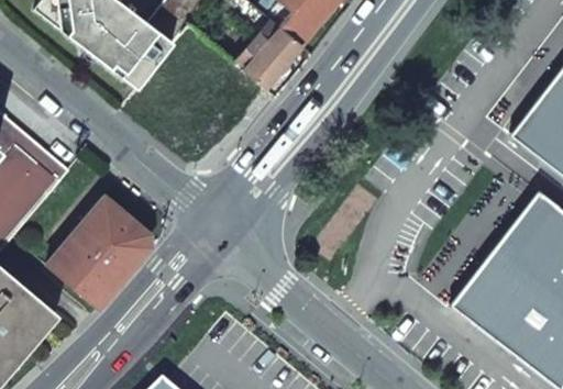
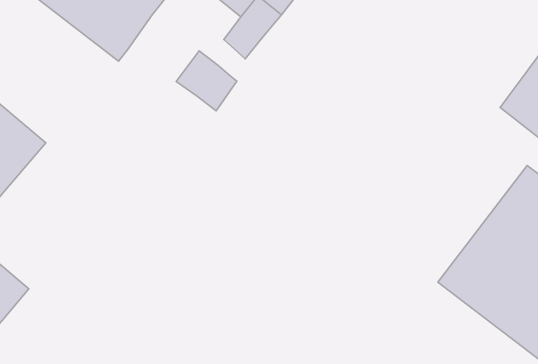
building: none -> [176,51,237,111]
building: [47,193,150,304] -> none

